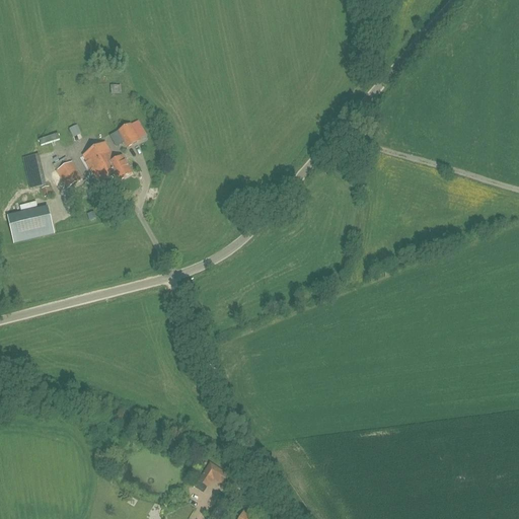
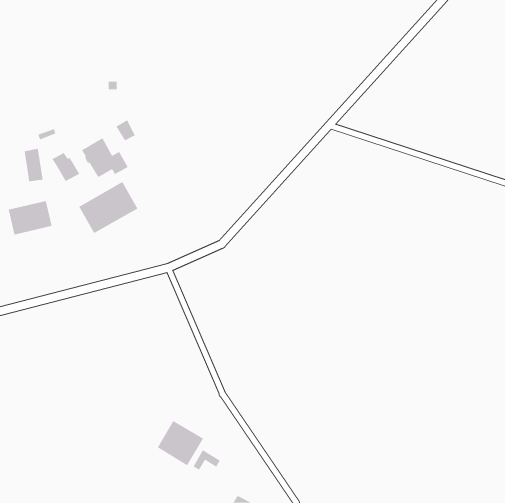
building: none -> [78,181,138,234]
building: none -> [157,420,204,466]

